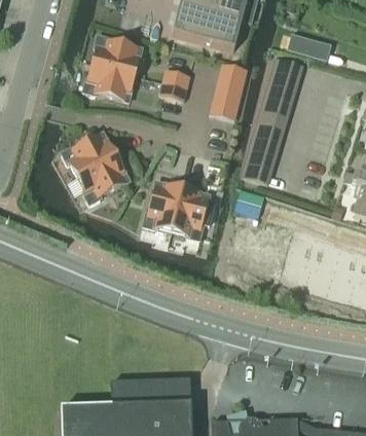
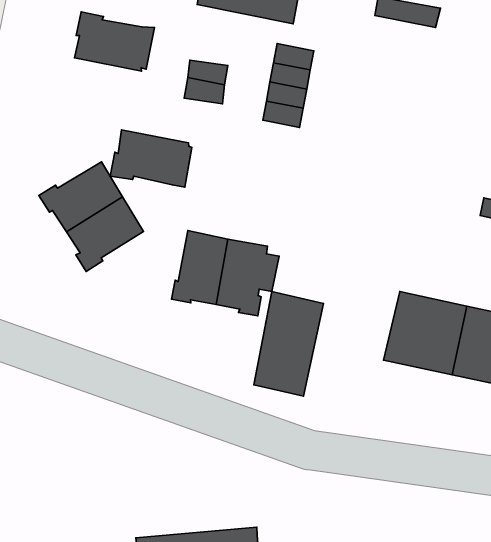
building: [243,57,303,183] -> none
building: [81,64,136,104] -> [110,130,192,187]
building: none -> [254,291,323,396]

